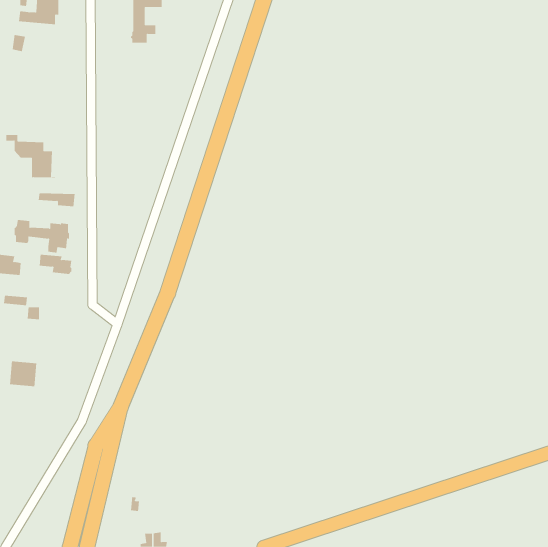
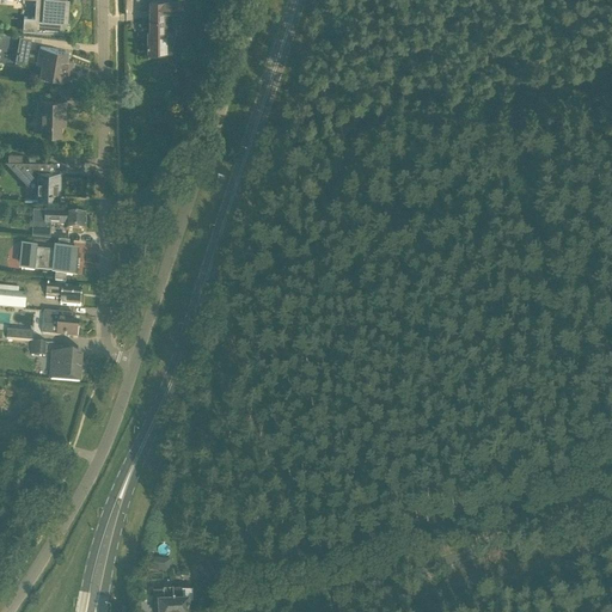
building: none -> [35,42,69,76]
building: none -> [36,96,63,130]
building: none -> [39,310,76,336]
building: [9,361,37,387] -> [48,351,79,380]

